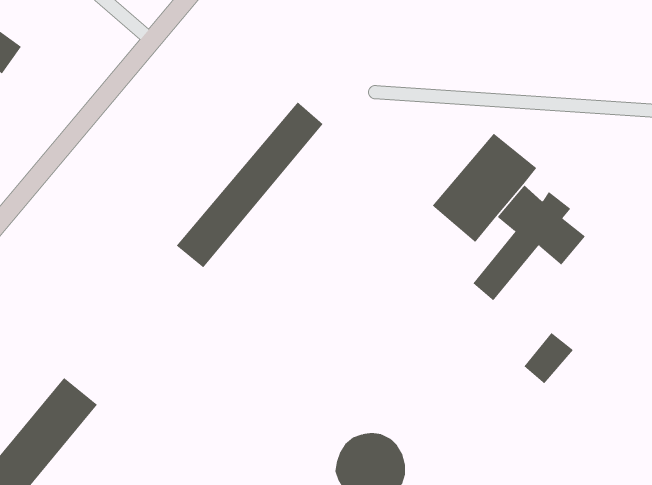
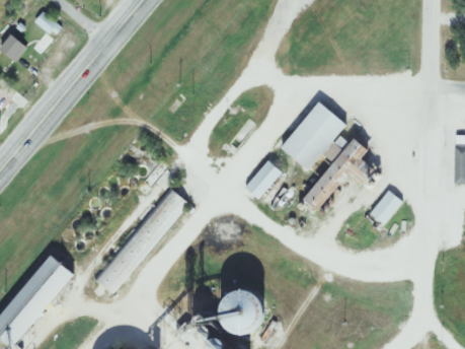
building: [176,101,324,268] -> [95,189,187,293]
building: none -> [246,160,281,198]
building: [524,332,574,384] -> [371,190,402,222]

